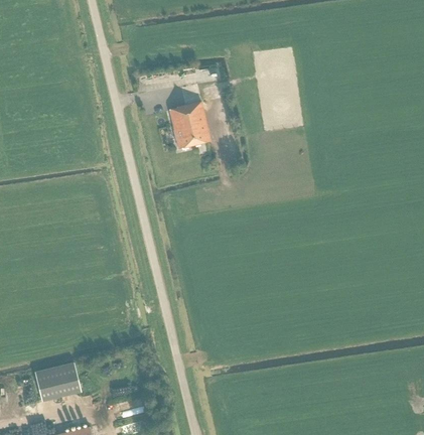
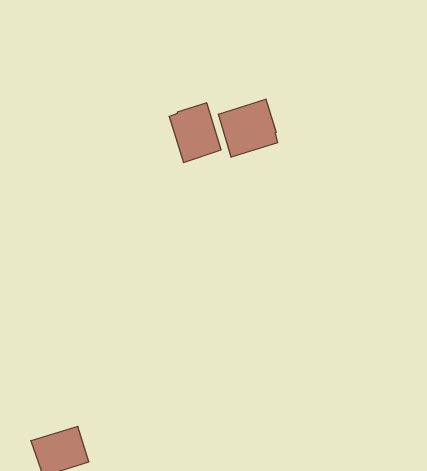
building: none -> [218,99,278,157]

